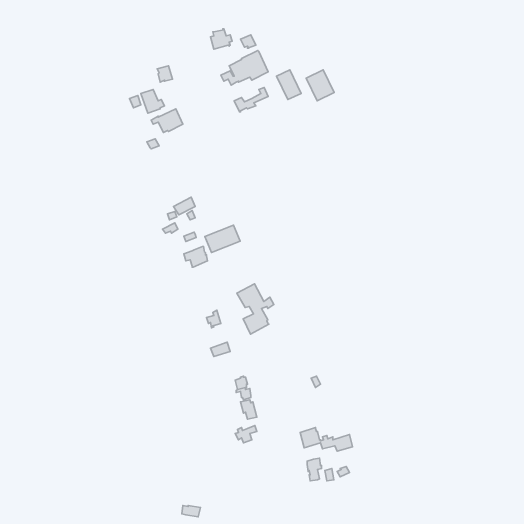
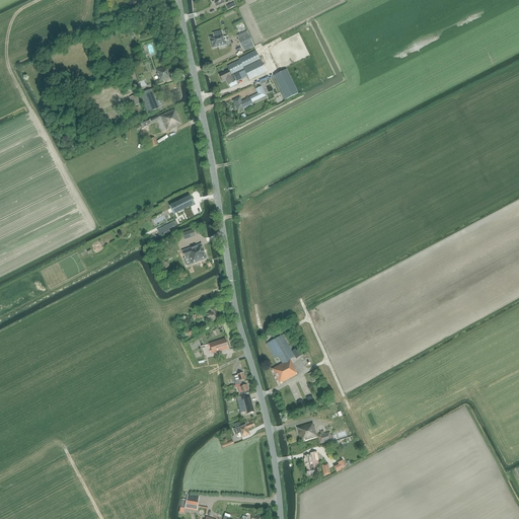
building: [306,70,334,101] -> none
building: [205,225,240,253] -> none
building: [237,284,274,334] -> [265,333,301,383]

